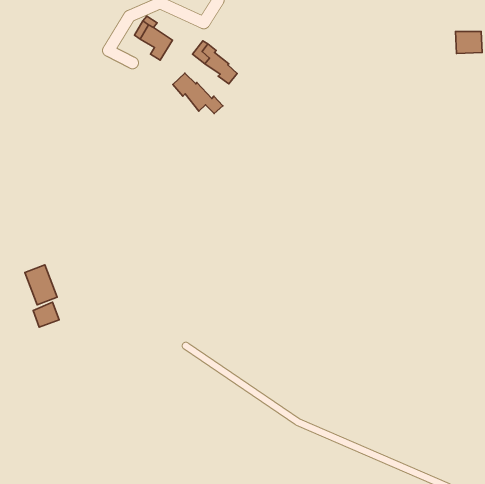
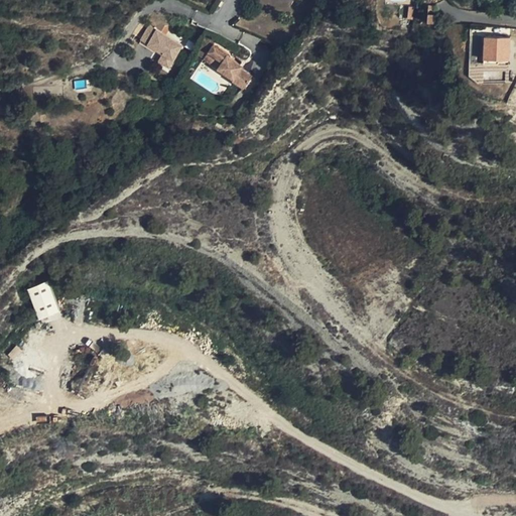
building: [173,73,223,113] -> none
building: [33,302,59,327] -> none

